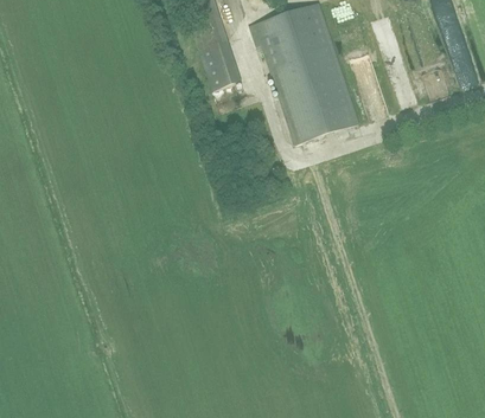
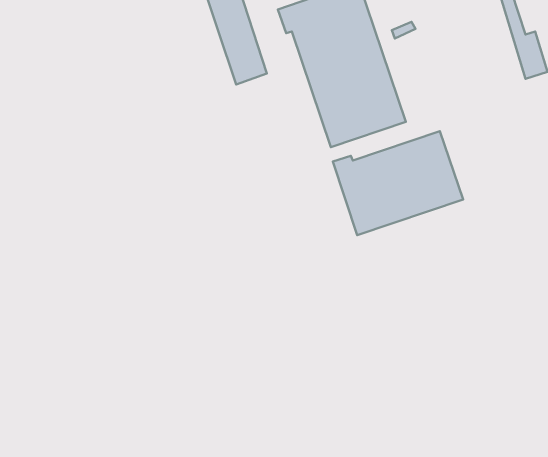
building: none -> [333,131,463,235]

